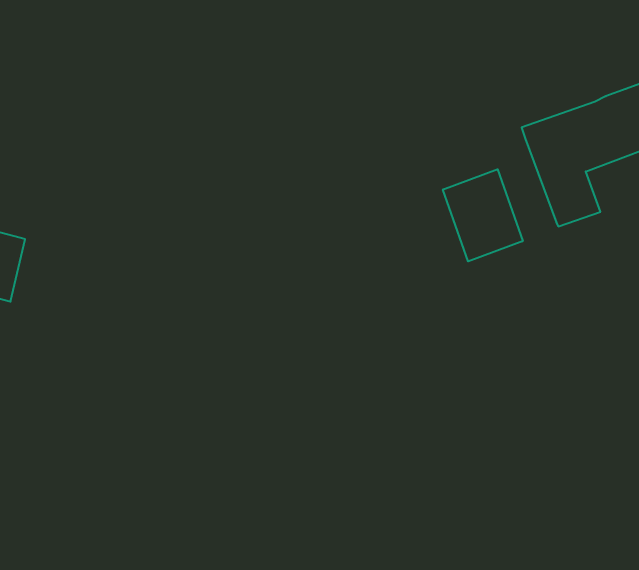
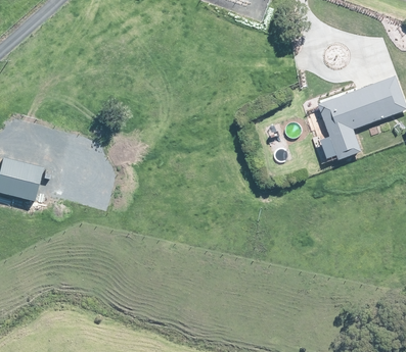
building: [443,169,523,261] -> none

